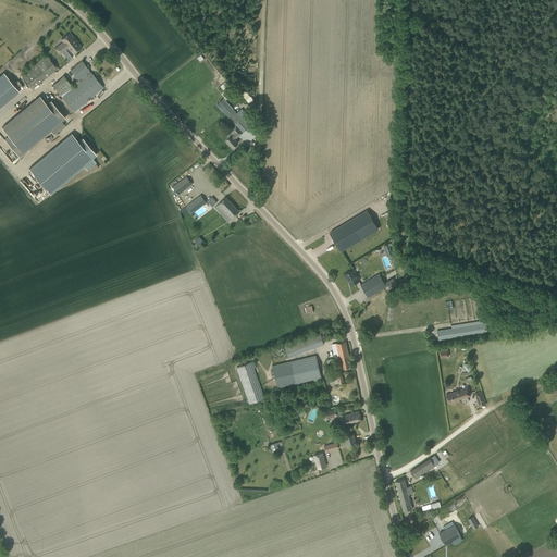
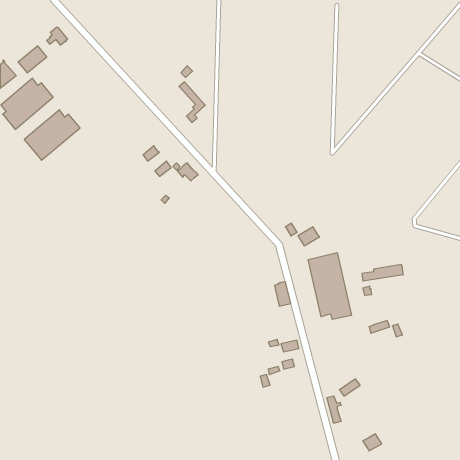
building: [52,61,103,111] -> none
building: [330,210,377,251] -> none
building: none -> [308,253,352,319]
building: [272,356,321,388] -> none
building: [236,361,264,404] -> none

